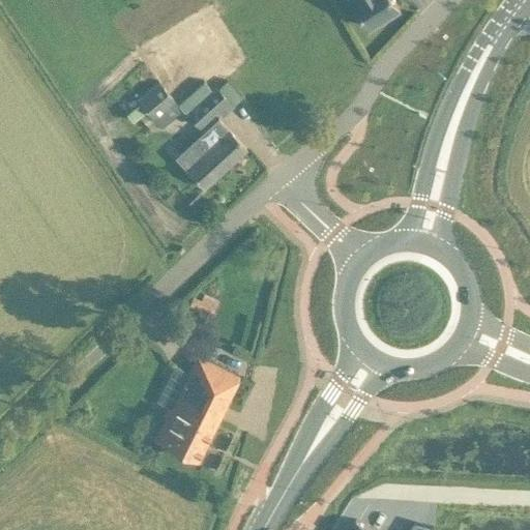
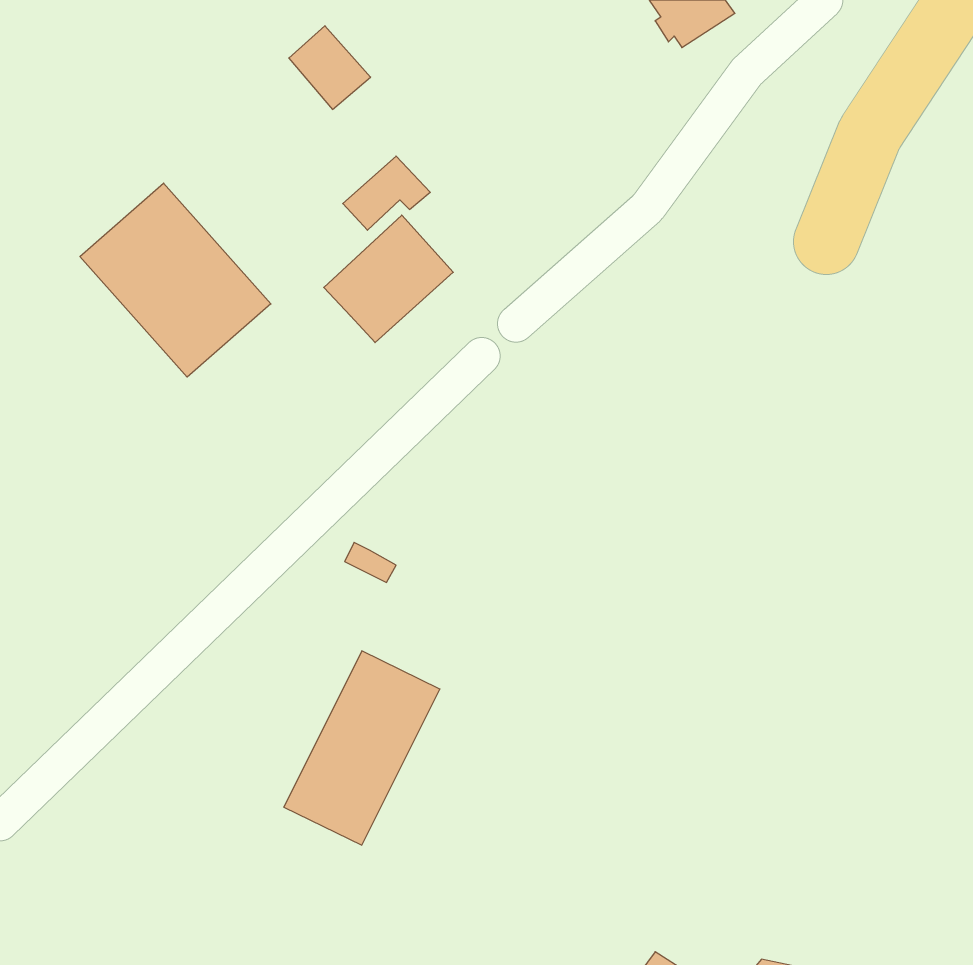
building: [138,85,182,130] -> [289,26,371,109]
building: none -> [80,183,271,377]

